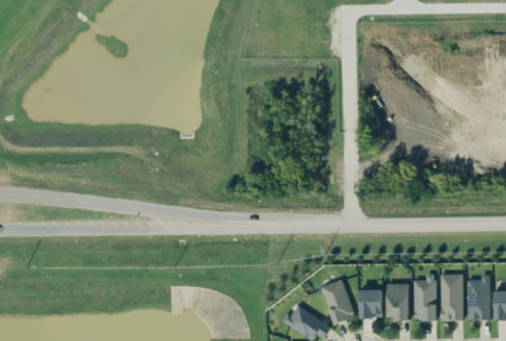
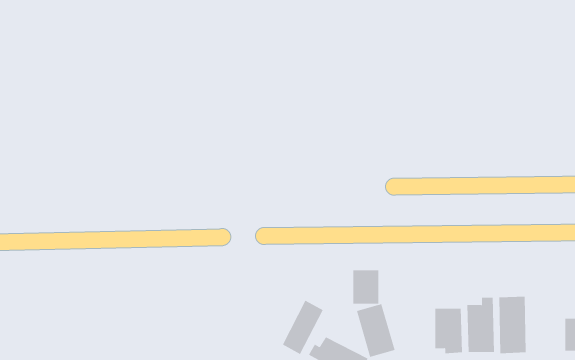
building: [467,275,490,320] -> none
building: none -> [282,300,323,355]
building: [360,289,383,318] -> [352,270,379,304]

